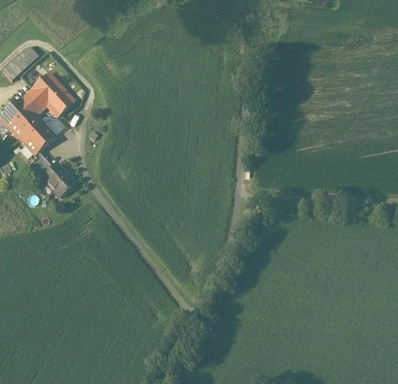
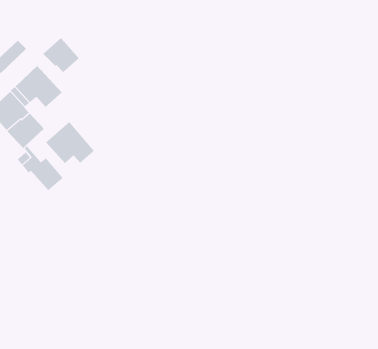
building: none -> [43,37,80,73]
building: none -> [45,121,95,164]

